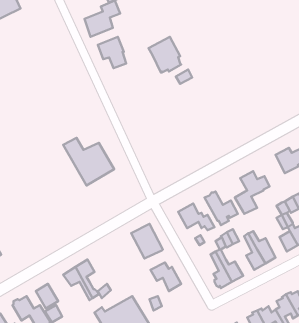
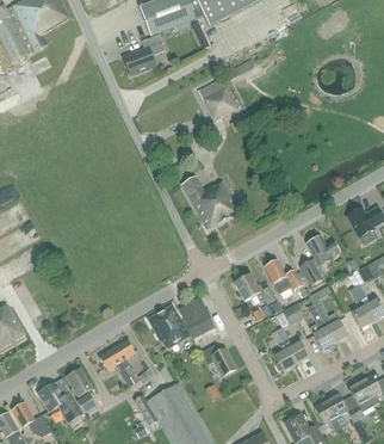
building: [98,37,126,68] -> none
building: [63,138,114,185] -> [180,174,240,230]
building: none -> [148,303,190,347]

